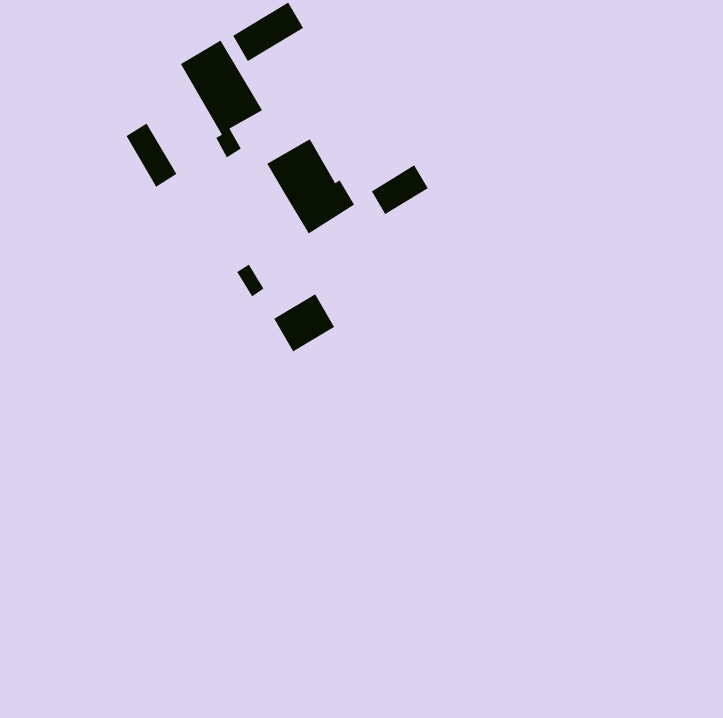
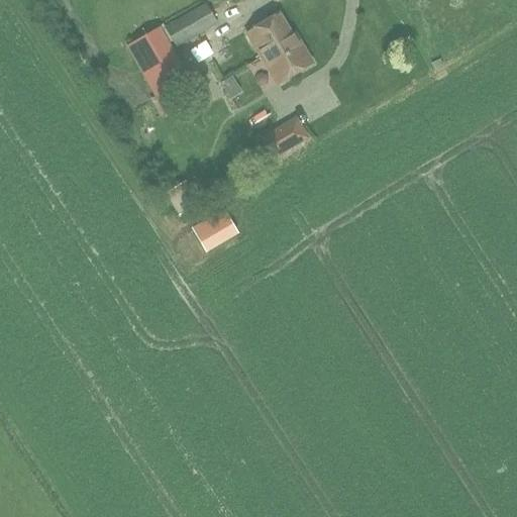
building: [125,122,177,188] -> none
building: [266,138,355,234] -> [248,12,312,81]

